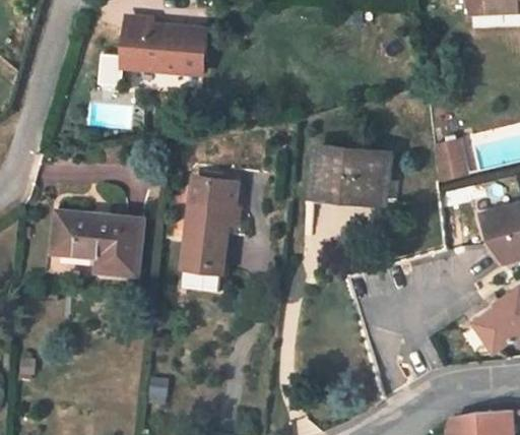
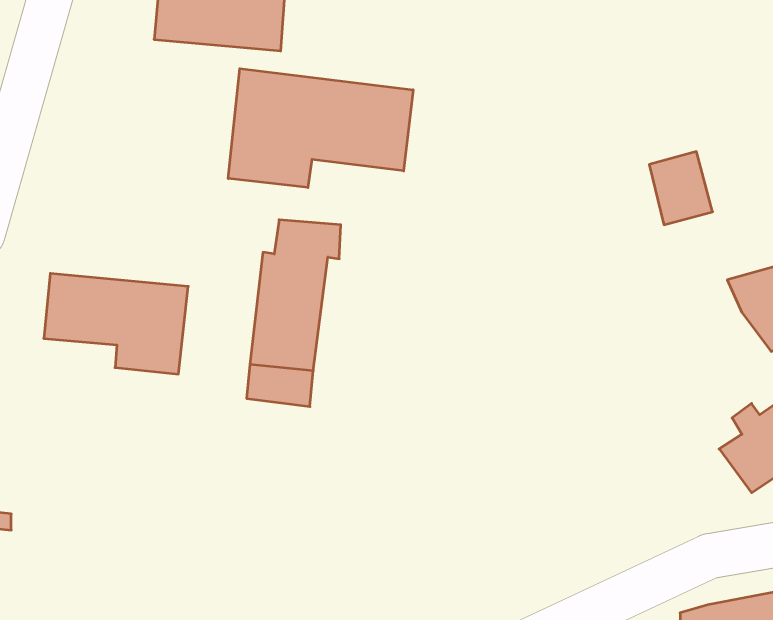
building: none -> [228,69,413,188]
building: [311,145,389,202] -> none

